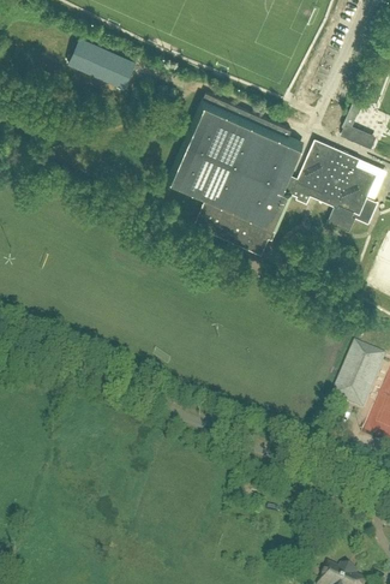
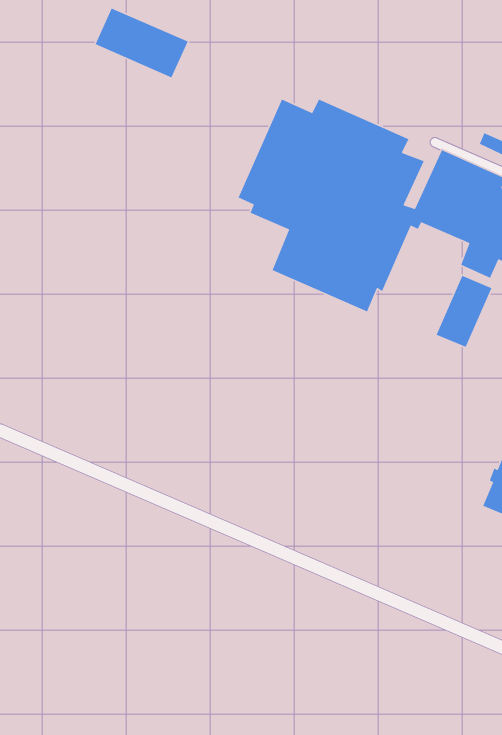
building: none -> [436,275,492,348]

